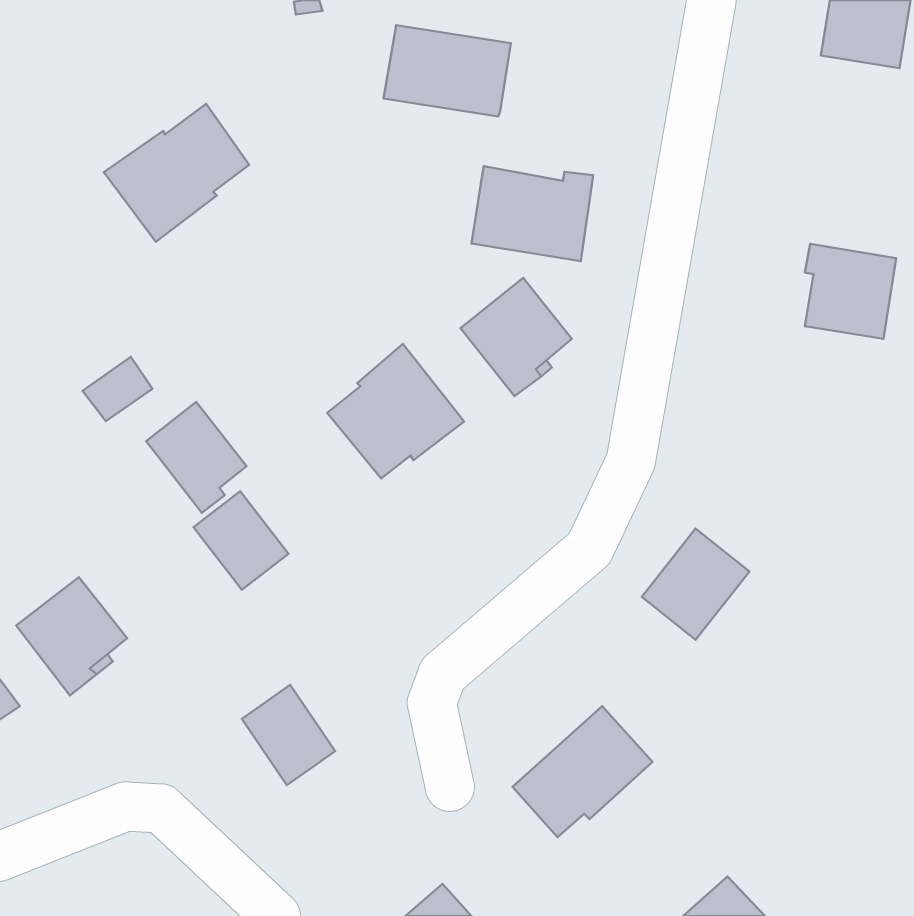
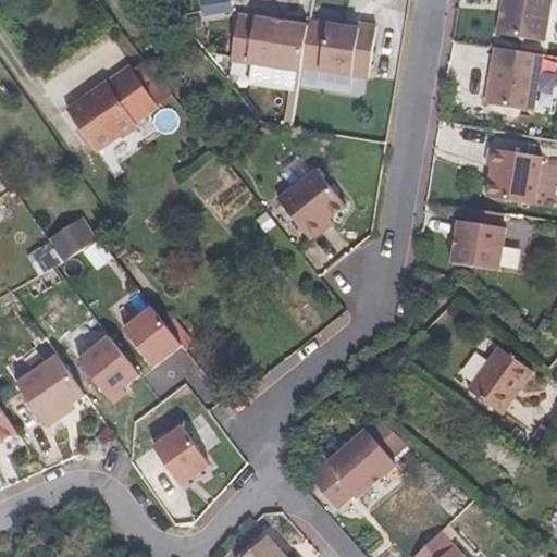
building: none -> [487,48,544,111]
building: [471,166,593,261] -> [304,21,377,78]
building: [327,344,464,478] -> none
building: none -> [454,209,508,271]
building: [146,402,246,513] -> [72,326,133,394]
building: [642,529,749,640] -> [468,343,533,410]

